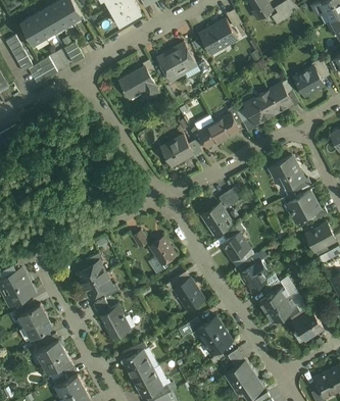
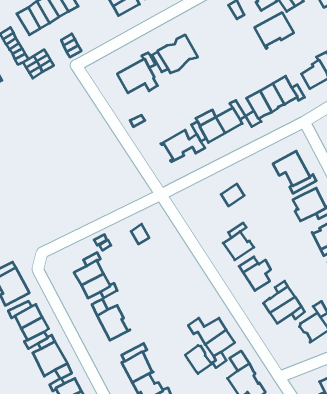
building: [199,20,237,55] -> [255,13,294,49]
building: [201,204,232,235] -> none
building: [149,237,176,264] -> none
building: [165,271,204,310] -> none
building: none -> [185,345,213,374]

